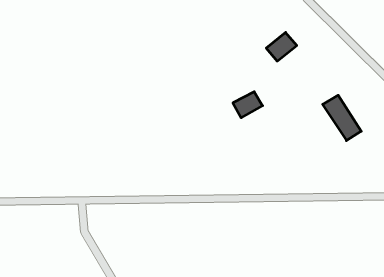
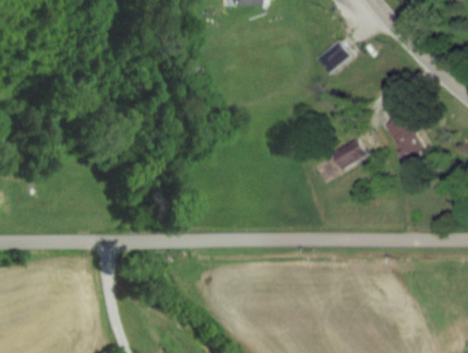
building: [233,92,263,118] -> [329,138,364,168]

